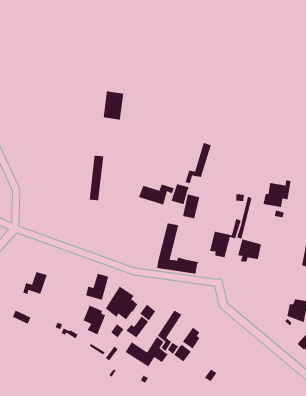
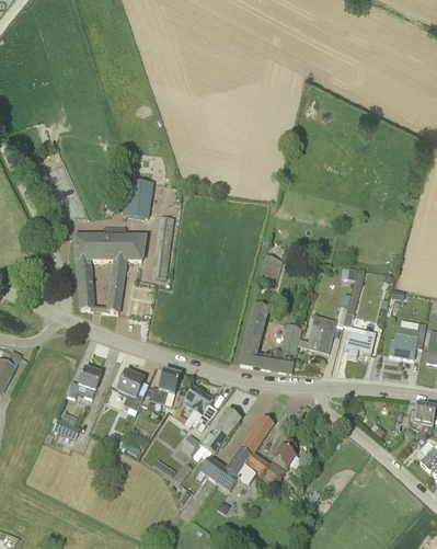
building: [103,91,124,120] -> [126,179,153,217]
building: [185,142,212,184] -> none
building: none -> [74,226,147,313]
building: [263,180,292,208] -> [389,322,426,358]
building: [138,183,175,206] -> none
building: [182,193,200,219] -> [279,322,302,355]
building: [82,305,106,335] -> [117,370,148,410]

